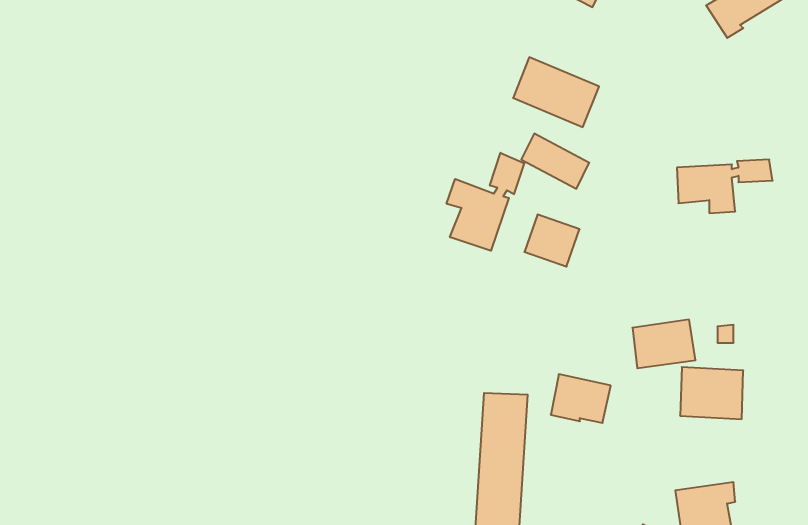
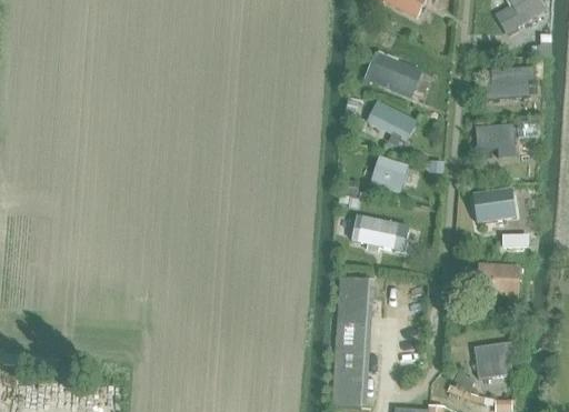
building: none -> [482,66,533,99]
building: [447,153,524,251] -> none
building: [632,320,696,368] -> [471,188,515,221]
building: [551,374,611,423] -> [356,215,397,249]

